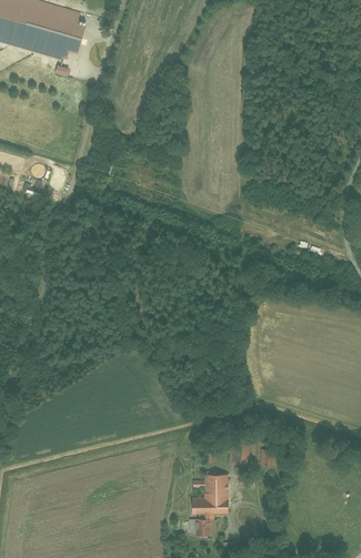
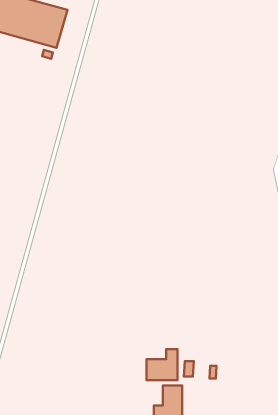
building: none -> [147,349,178,380]

